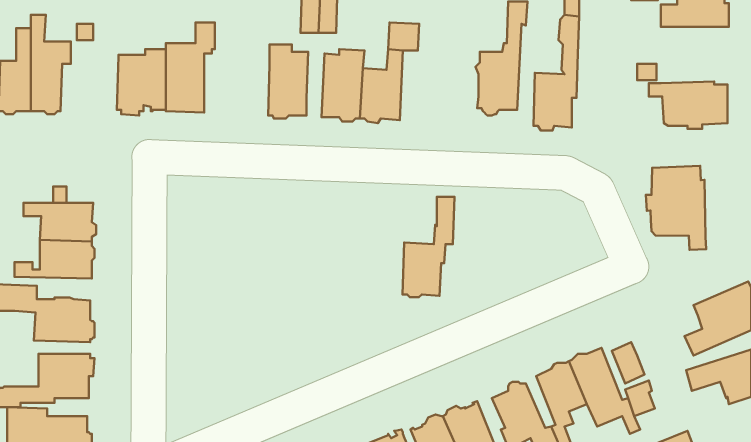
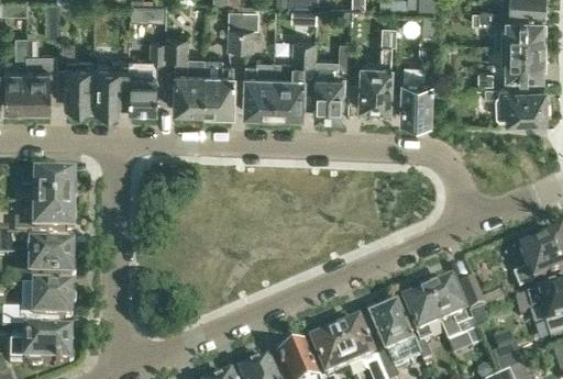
building: none -> [164,37,205,114]
building: none -> [499,46,545,75]
building: none -> [65,63,92,111]
building: [646,166,706,250] -> none
building: [403,197,454,297] -> [312,44,351,119]

